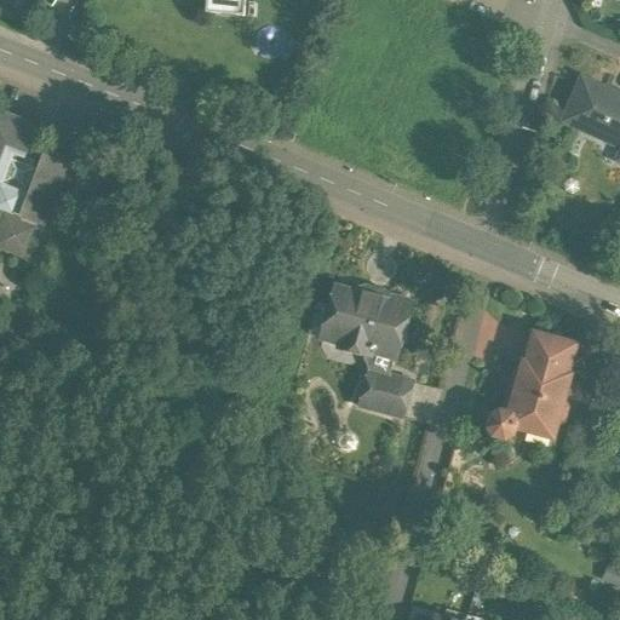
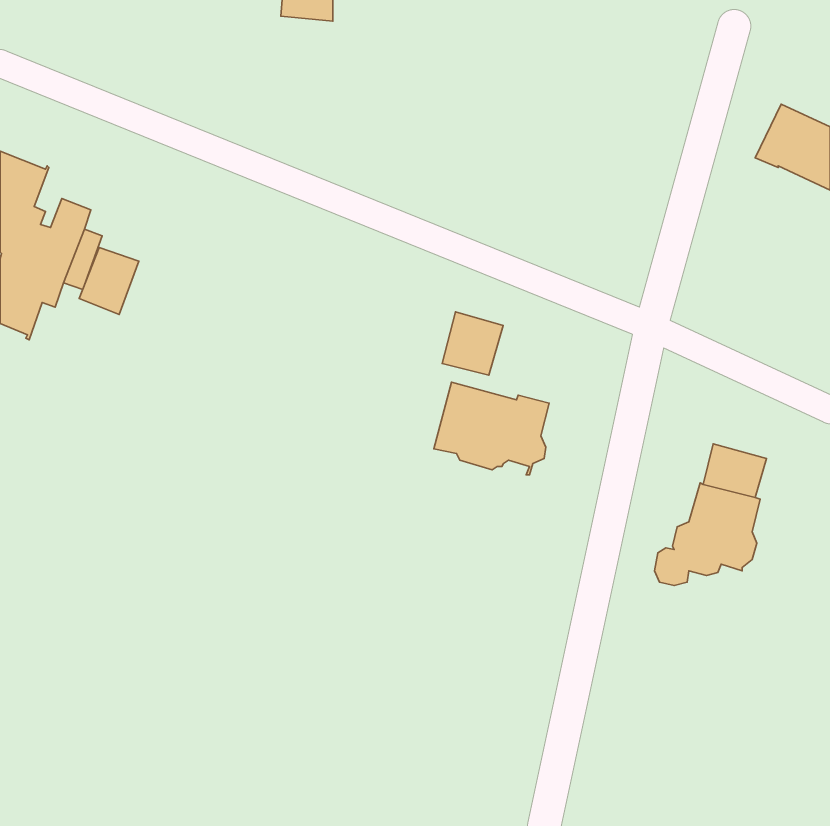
building: none -> [79,248,139,315]
building: none -> [442,312,503,375]
building: [361,371,411,413] -> none

